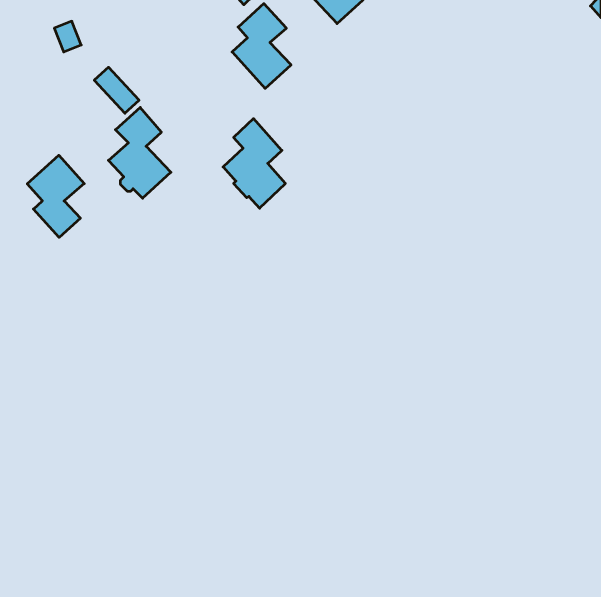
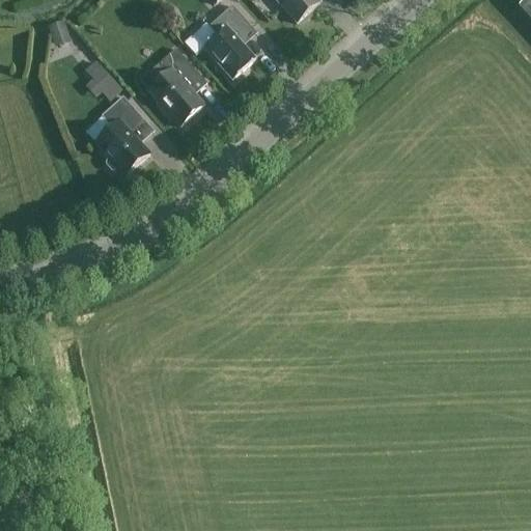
building: [223,119,285,208] -> [149,46,204,124]
building: [27,155,84,237] -> none

